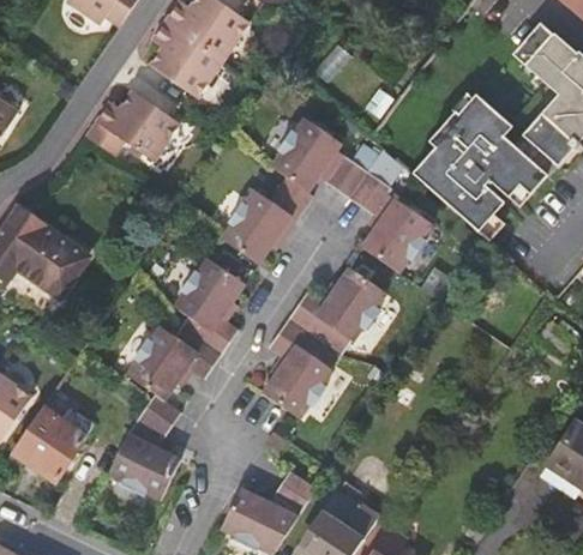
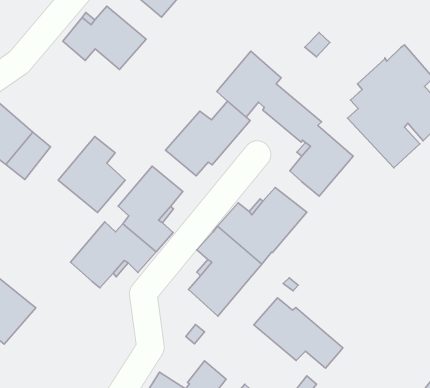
building: none -> [58,136,125,212]
building: none -> [254,298,343,368]
building: [108,396,181,500] -> none

